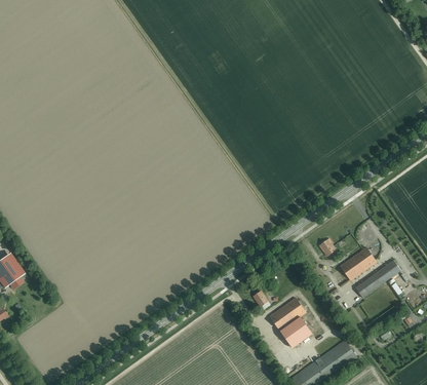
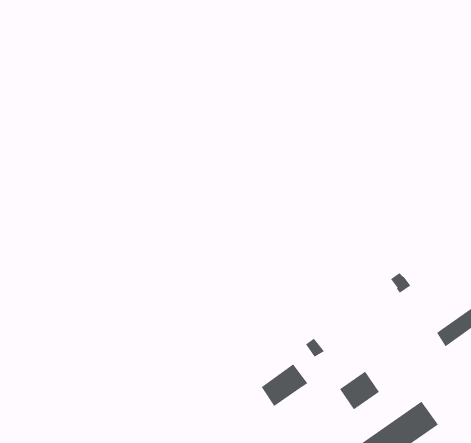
building: [341,246,377,280] -> none
building: [270,297,307,331] -> [261,364,308,407]

